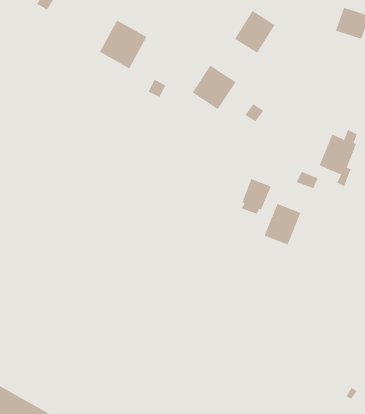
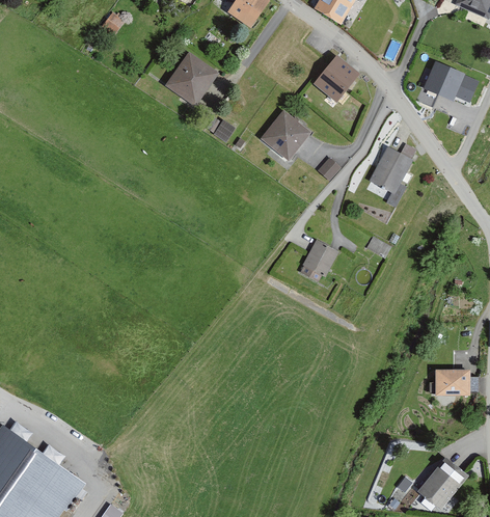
building: [319,129,358,187] -> [370,143,415,206]
building: [264,203,301,245] -> none

